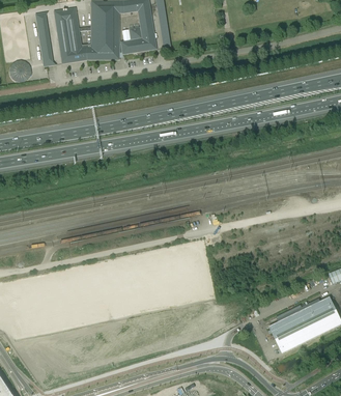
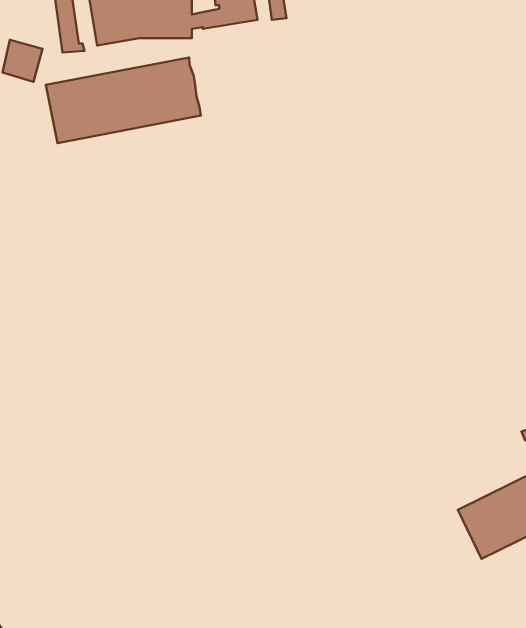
building: none -> [46,57,201,143]

